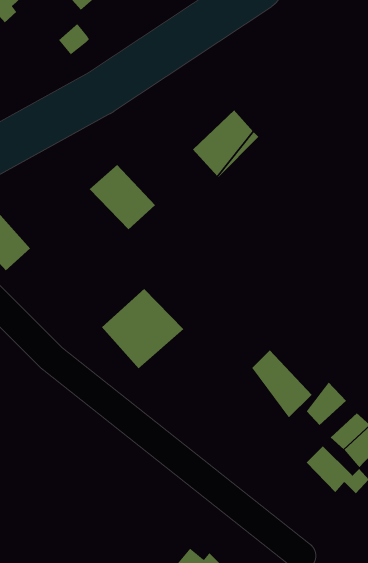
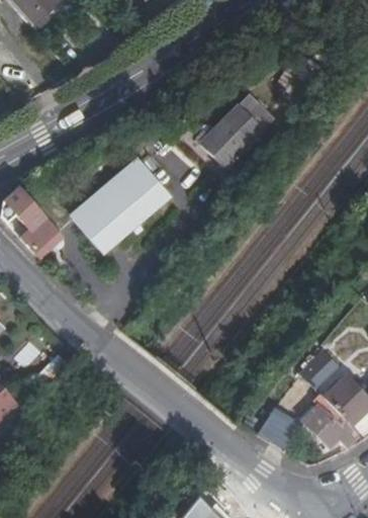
building: [101,288,184,369] -> [72,177,146,249]
building: [251,349,313,418] -> none
building: none -> [255,406,294,446]

